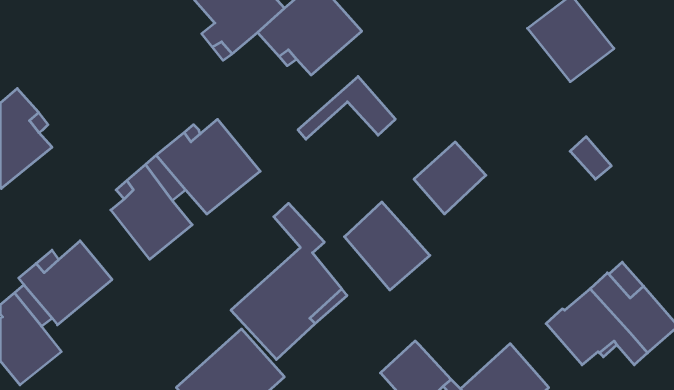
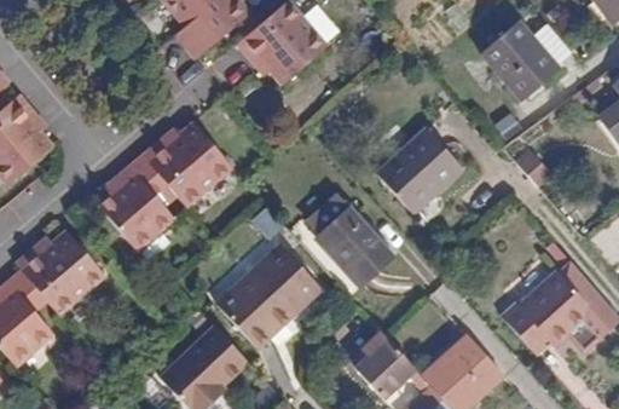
building: [298,76,395,139] -> [369,126,457,183]

